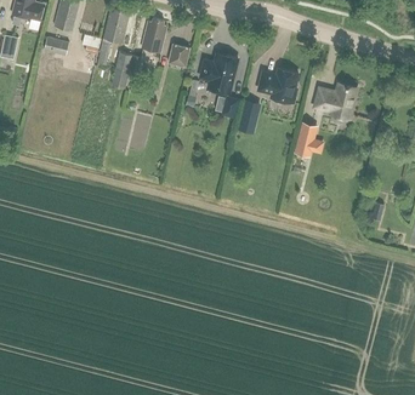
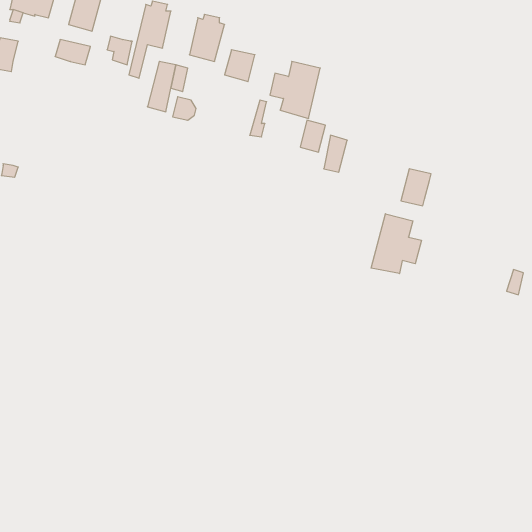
building: [257,68,297,103] -> none
building: [315,82,357,115] -> none
building: none -> [371,214,421,274]

